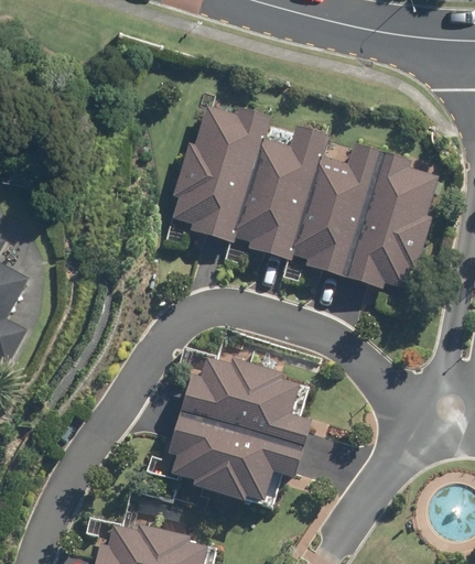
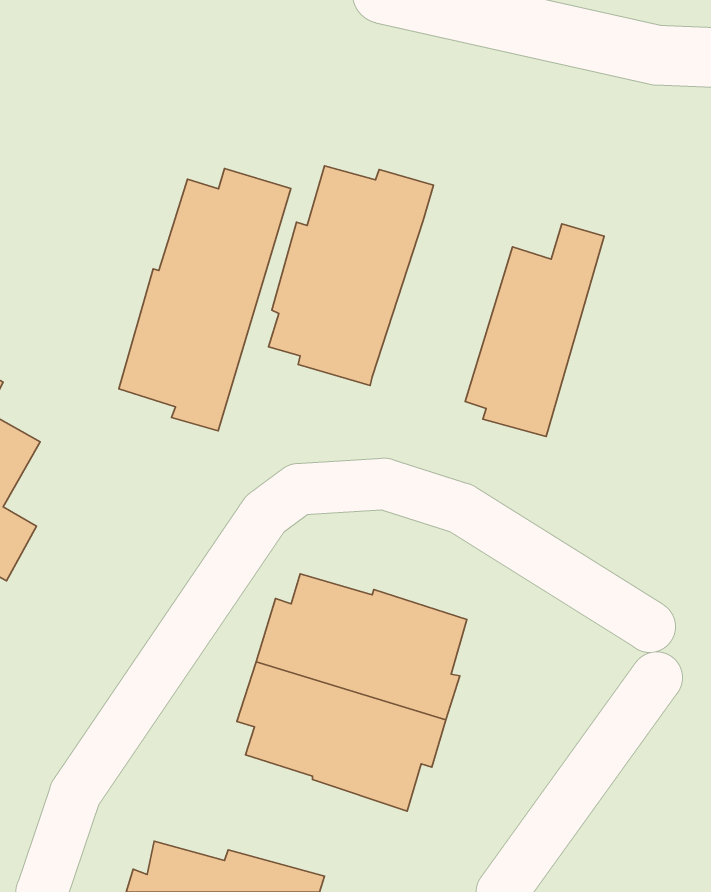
building: none -> [119,168,291,431]
building: [237,123,332,259] -> none
building: [346,149,442,286] -> none

